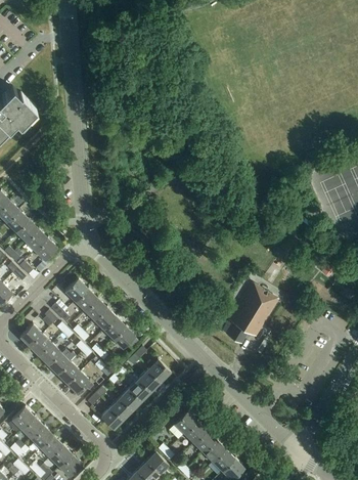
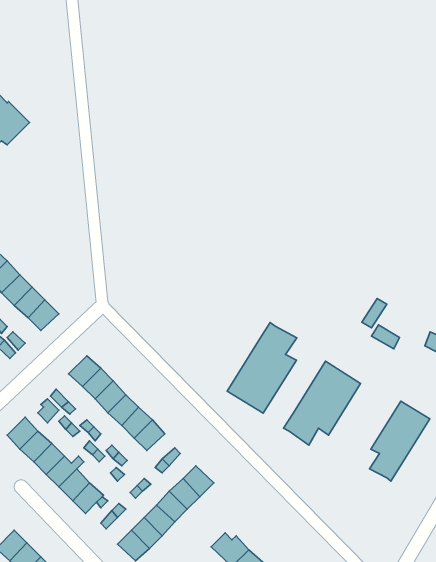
building: none -> [227,322,297,413]
building: none -> [369,401,430,481]

